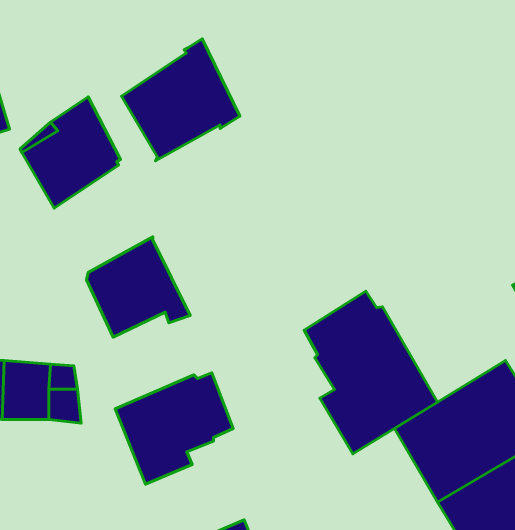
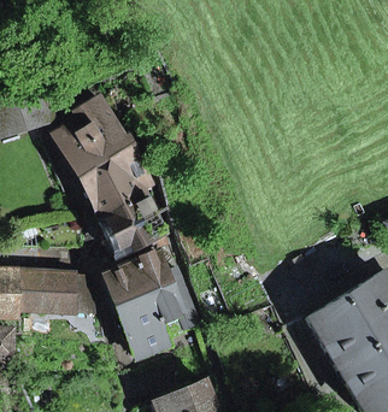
building: [122,39,240,161] -> [75,131,154,213]
building: [304,291,438,454] -> none
building: none -> [104,253,181,305]

